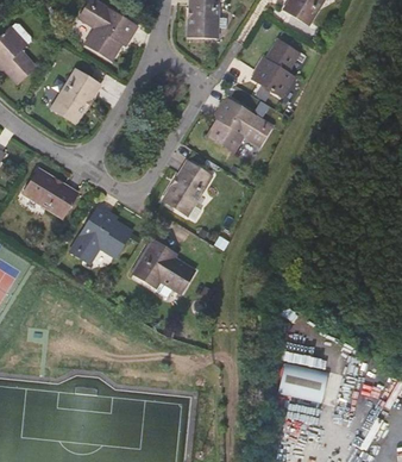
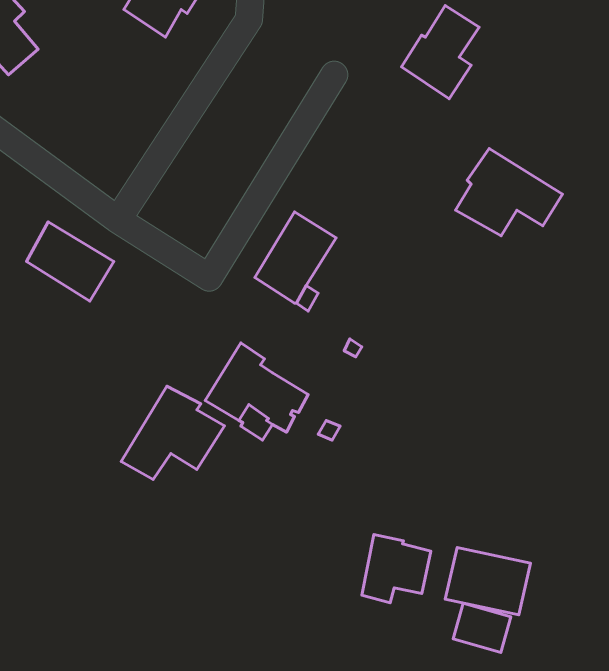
building: [51,69,99,123] -> none
building: [207,98,271,150] -> [455,148,563,236]
building: [73,206,134,262] -> [121,386,225,479]
building: none -> [362,534,431,603]

